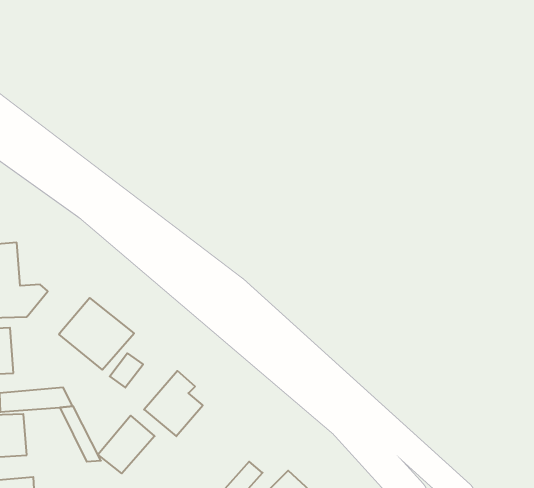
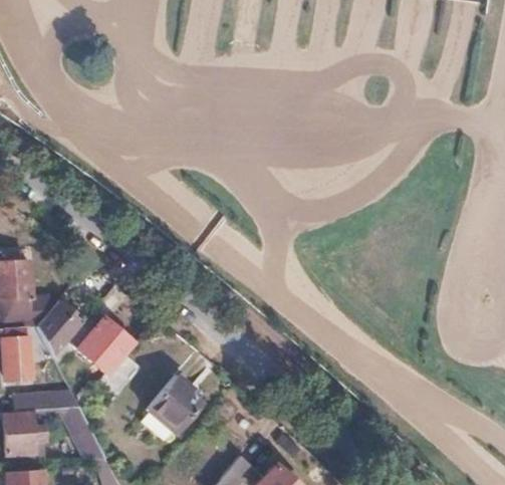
building: none -> [38,299,74,357]
building: [98,416,155,473] -> none

